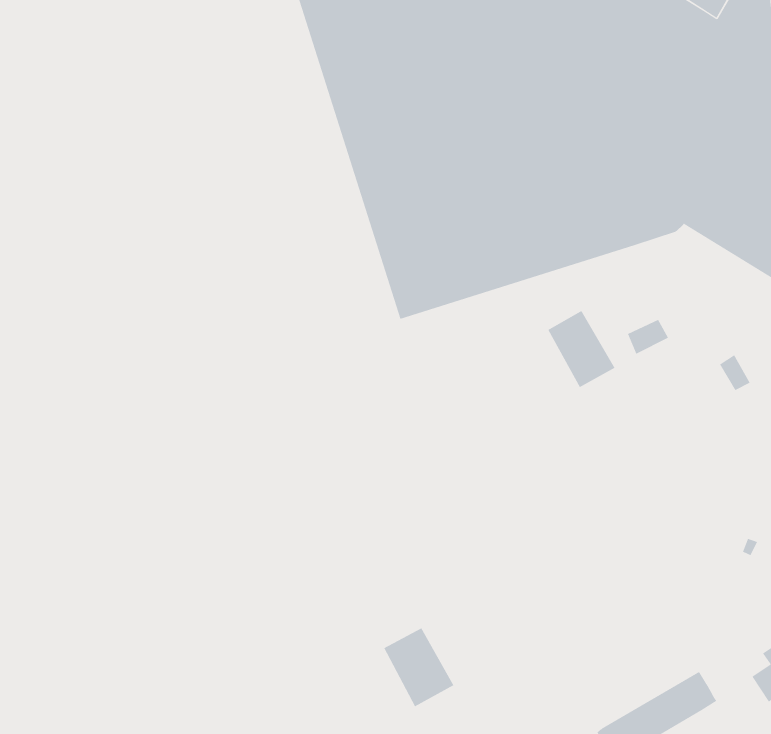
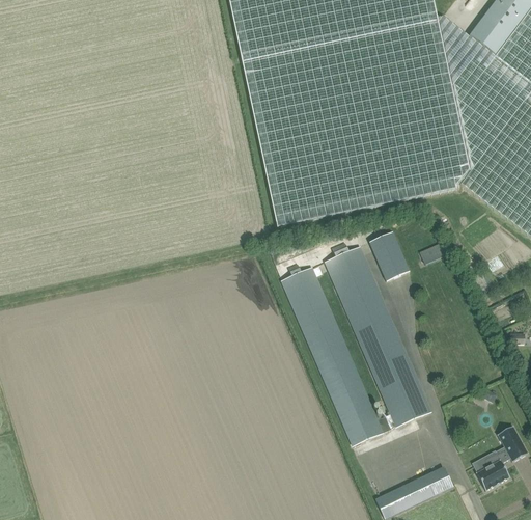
building: none -> [281,241,431,445]
building: [384,627,454,707] -> none

